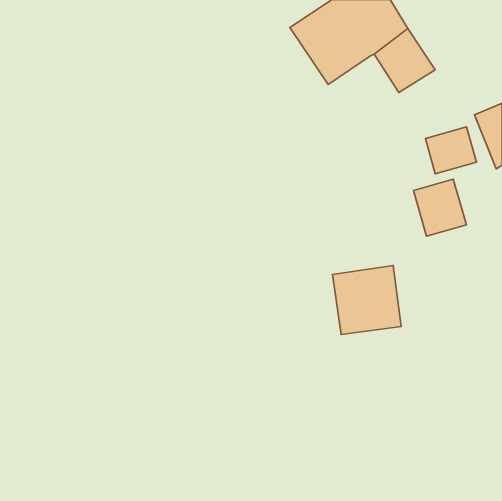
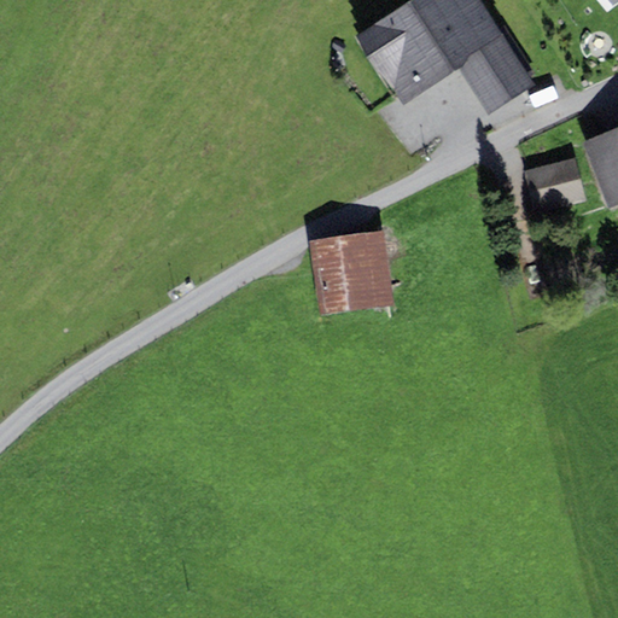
building: [413,179,466,236] -> none
building: [332,266,401,334] -> [310,231,395,315]

